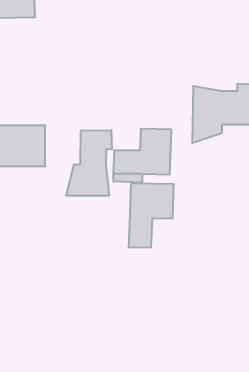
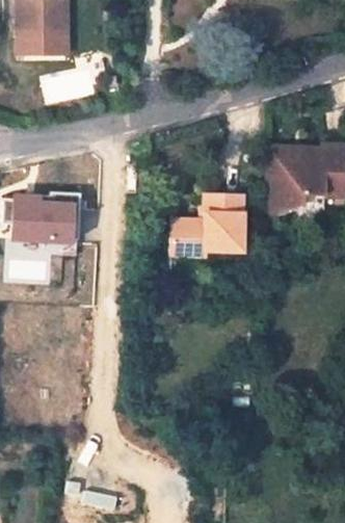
building: [66,130,112,196] -> none
building: [129,183,174,248] -> none

